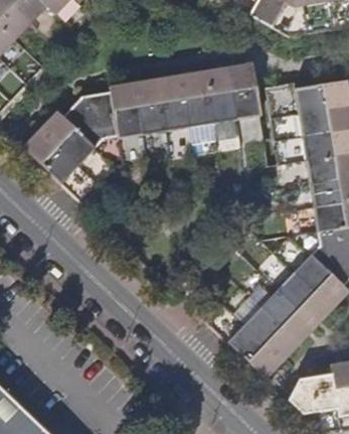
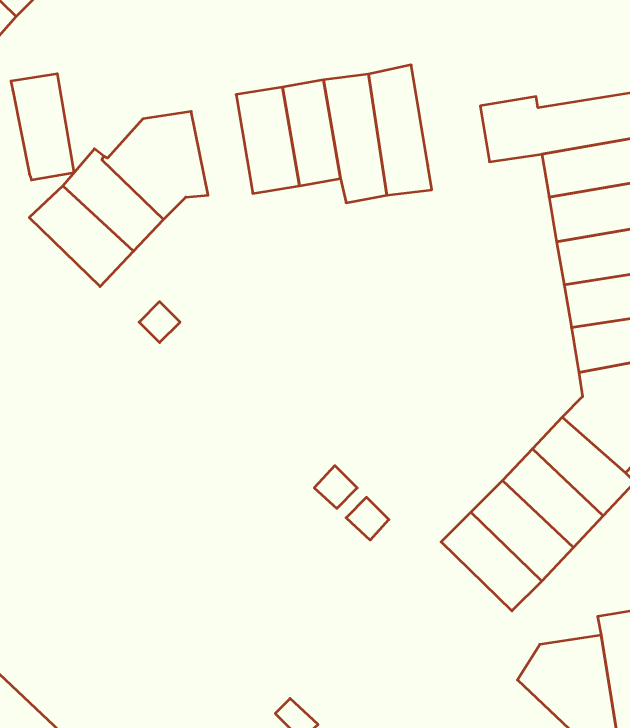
building: [228,61,261,119] -> none
building: [109,81,143,138] -> [11,74,74,180]
building: [226,322,283,377] -> none

